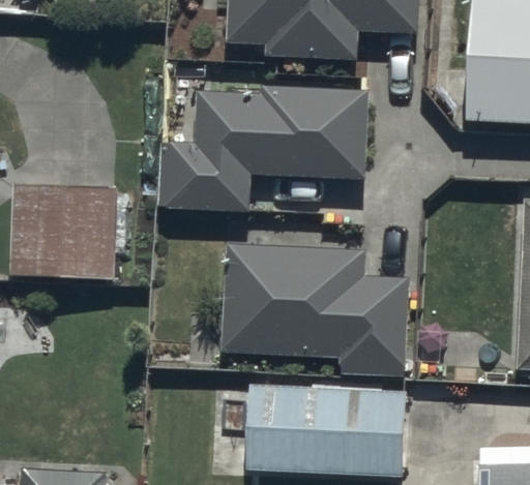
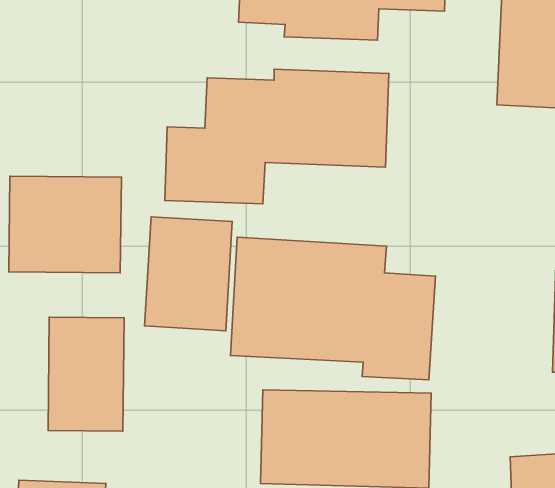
building: none -> [145,217,232,331]
building: none -> [48,317,124,431]

